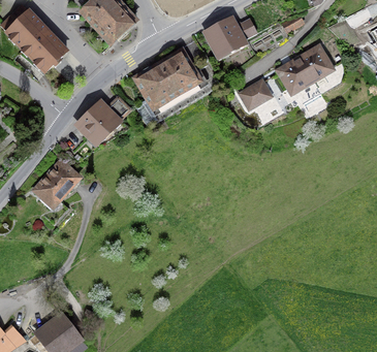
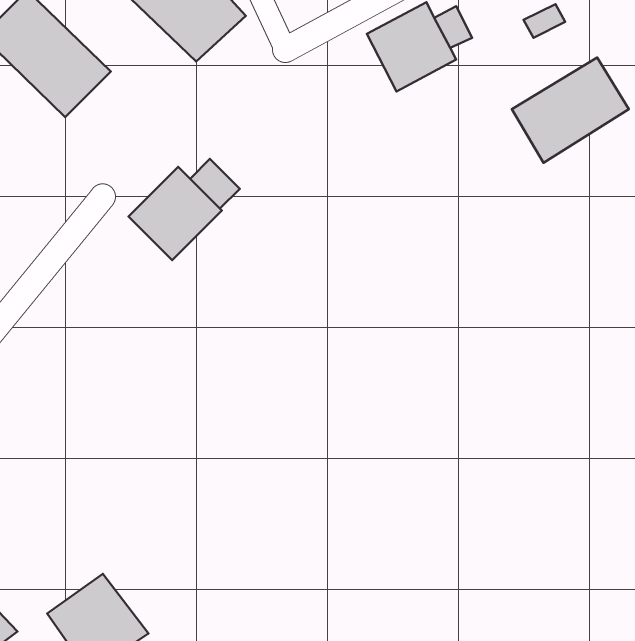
building: [137,50,208,114] -> none
building: [238,78,273,110] -> none
building: [32,157,86,210] -> none

